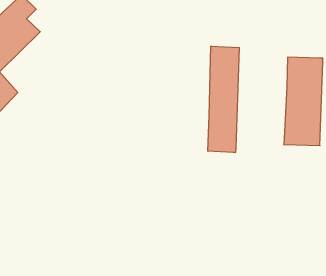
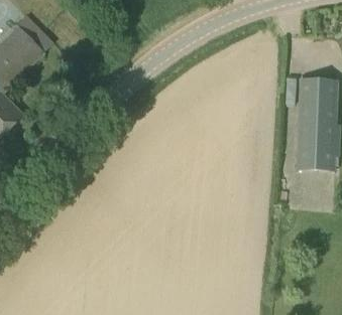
building: [208,46,239,153] -> none

